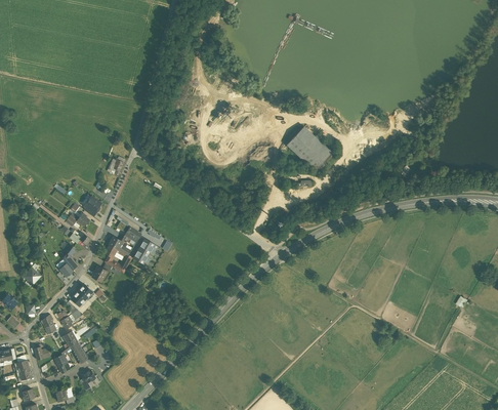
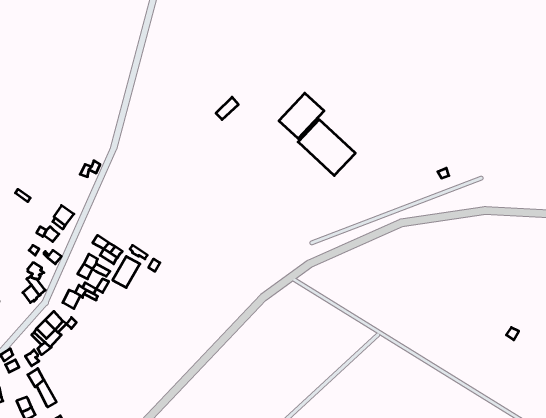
building: none -> [279,93,324,139]

